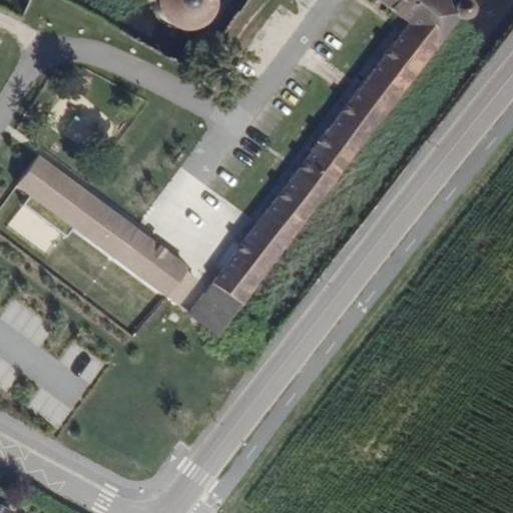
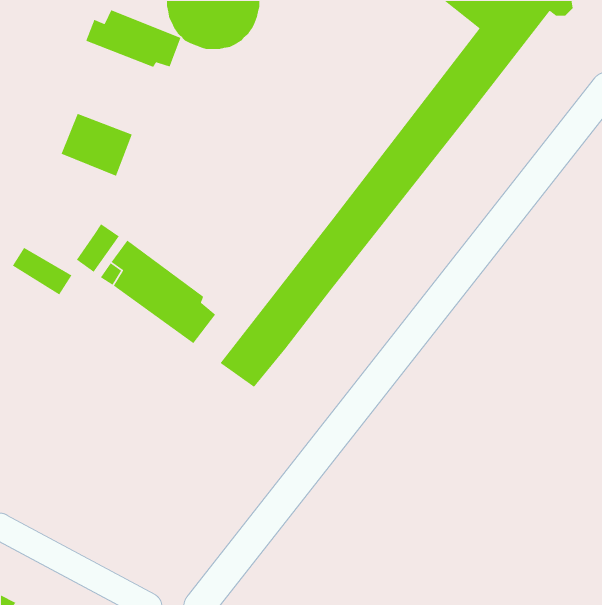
building: none -> [85,9,181,68]
building: [14,159,83,220] -> none

